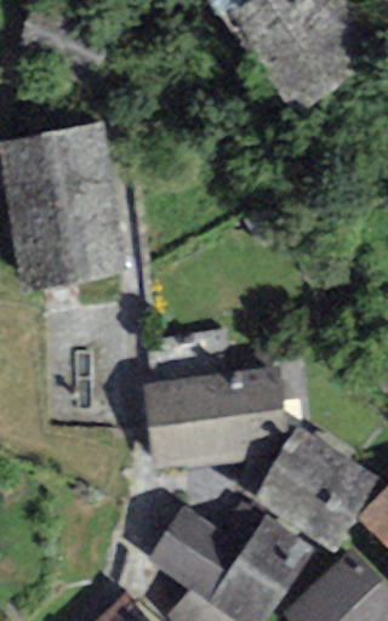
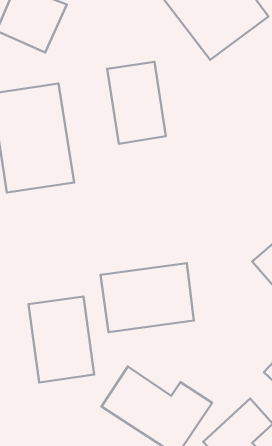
building: none -> [107,62,166,144]
building: none -> [28,296,94,382]
building: [266,435,372,540] -> none

